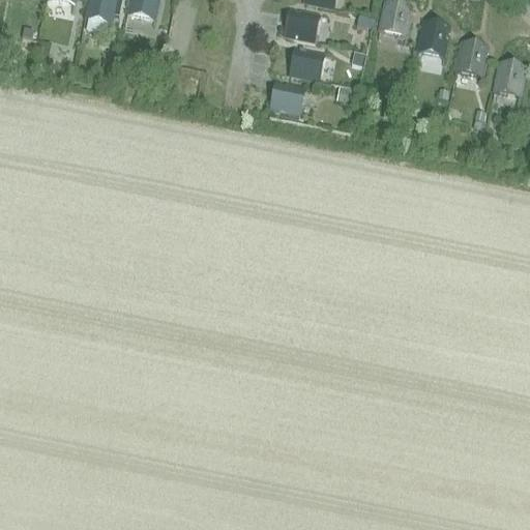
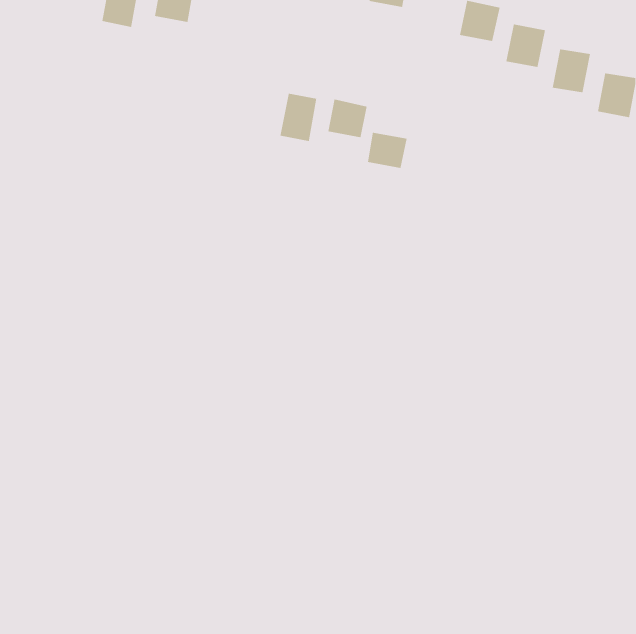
building: [285,7,319,40] -> none
building: [290,49,323,79] -> [367,132,407,169]
building: none -> [280,93,317,142]

